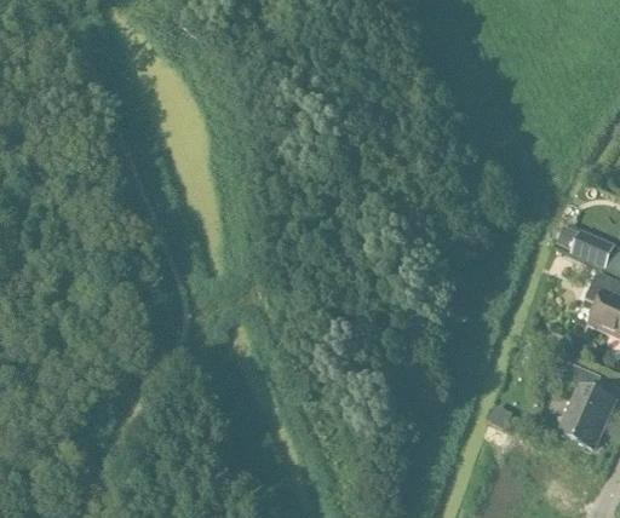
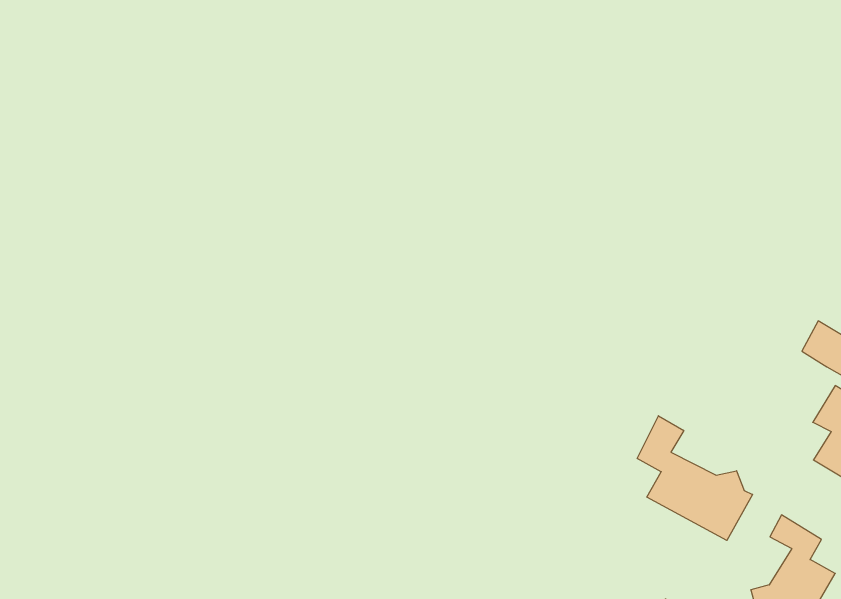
building: none -> [637,416,753,540]

